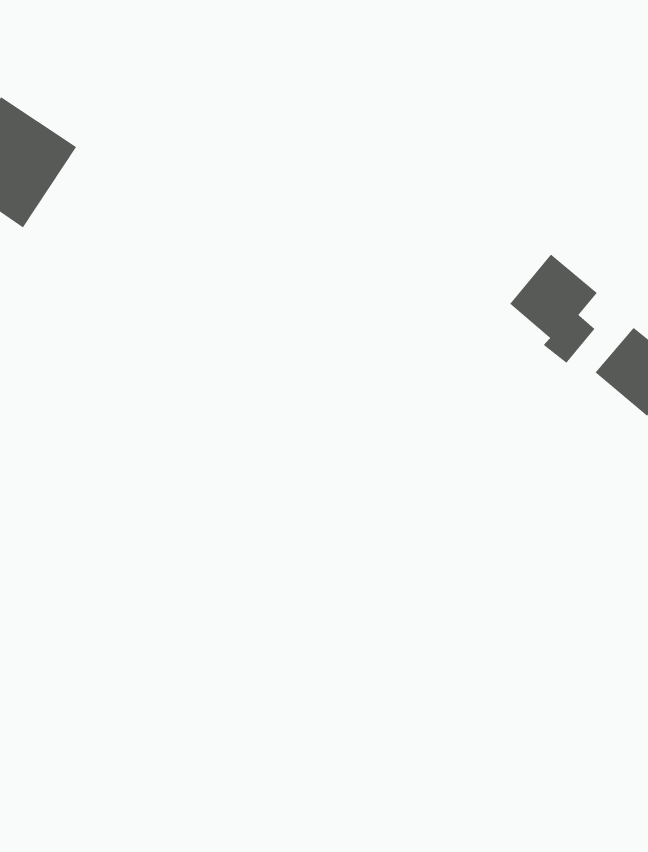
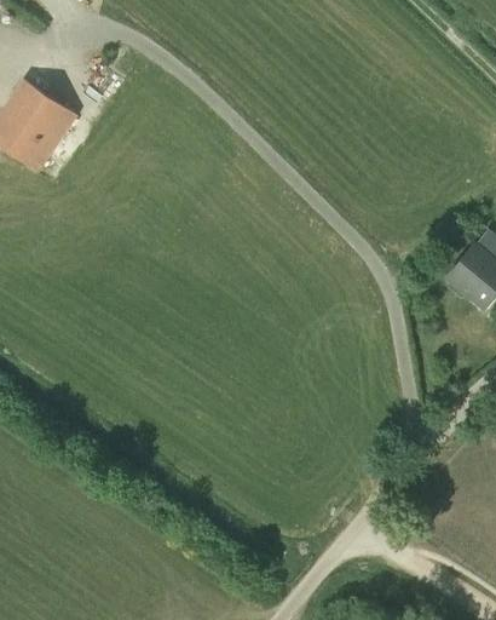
building: [509,253,598,364] -> none

